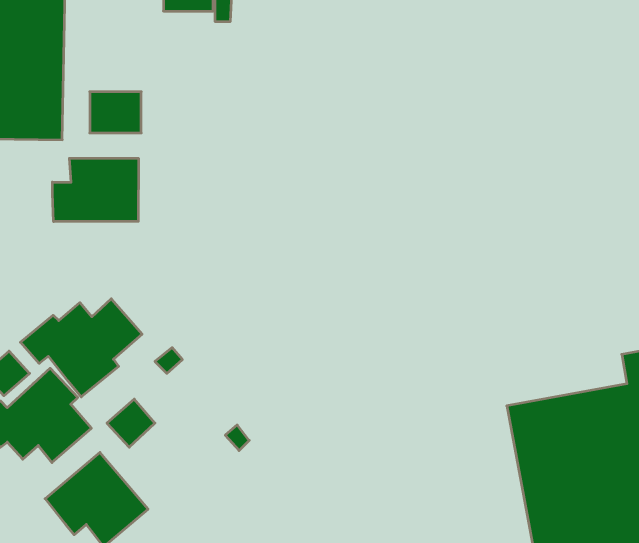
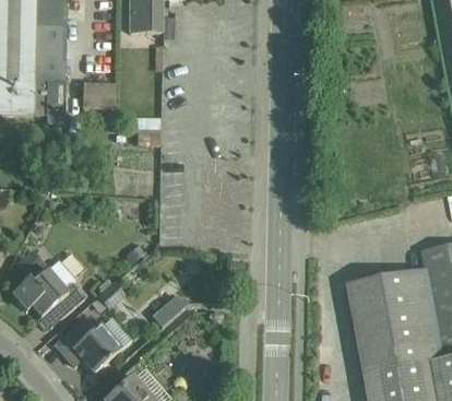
building: [52,158,138,222] -> none
building: [20,299,142,397] -> none

